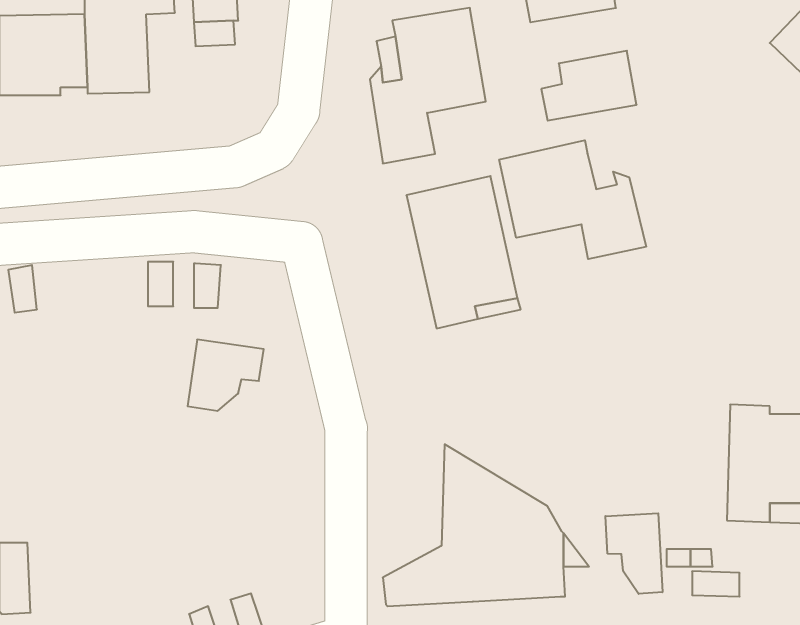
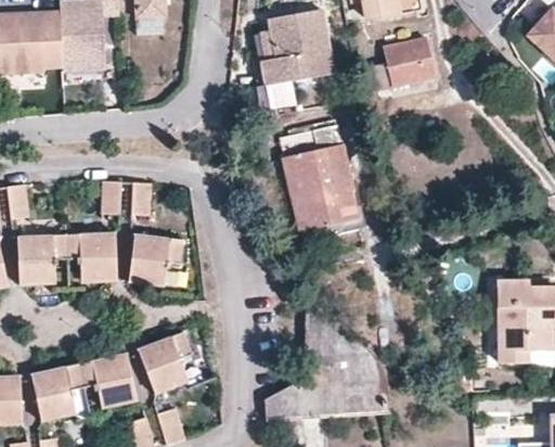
building: [499,140,646,259] -> none
building: none -> [22,233,115,283]
building: none -> [139,332,193,393]
building: none -> [34,353,137,419]
building: [605,513,662,594] -> none

